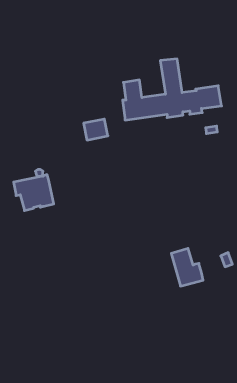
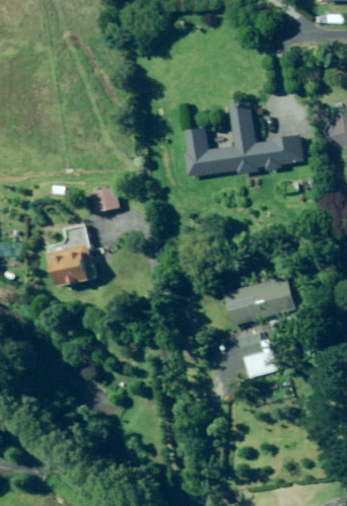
building: [84,119,108,140] -> [89,187,119,212]
building: none -> [225,276,296,324]

